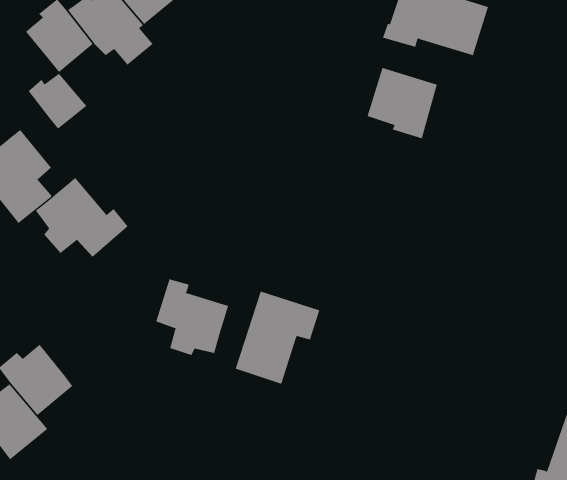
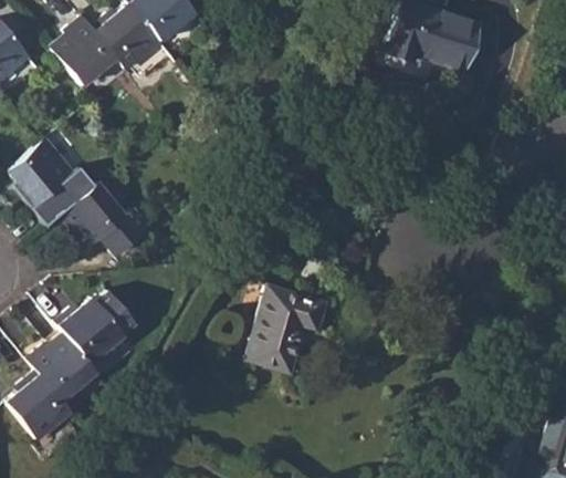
building: [367,67,438,139] -> none
building: [28,73,87,130] -> none
building: [155,279,229,356] -> none
building: none -> [55,298,124,363]

